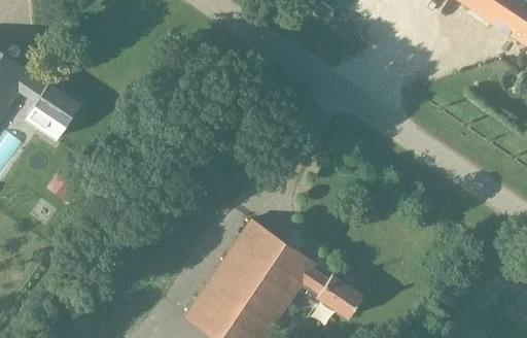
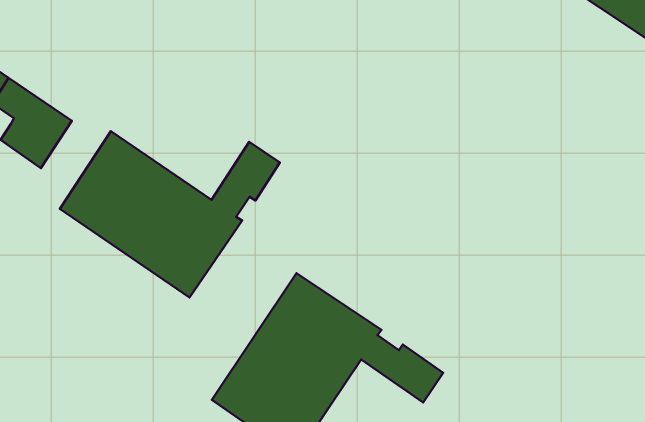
building: none -> [60,131,280,297]

